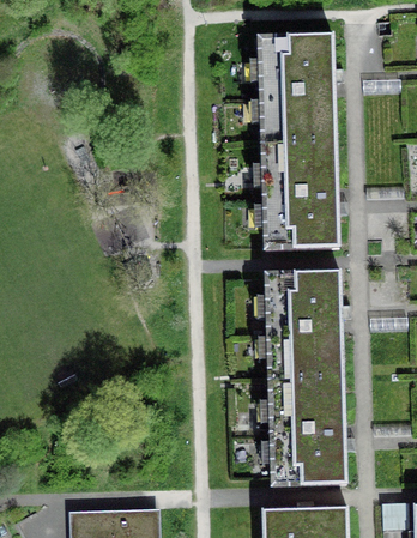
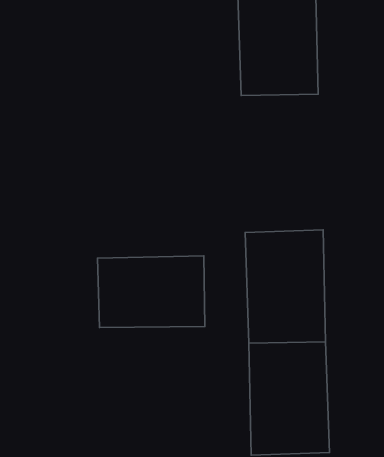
building: [261,141,338,249] -> none
building: none -> [98,256,205,328]

